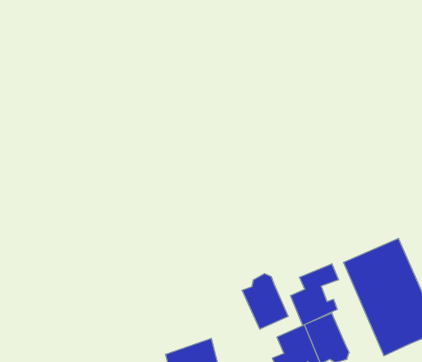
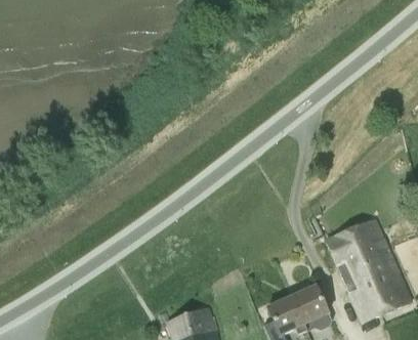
building: [291,264,338,325] -> none
building: [242,274,288,329] -> none

